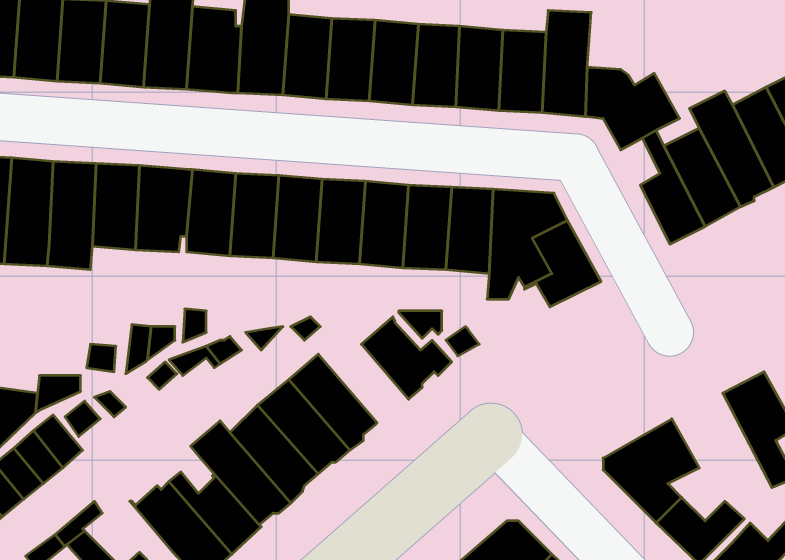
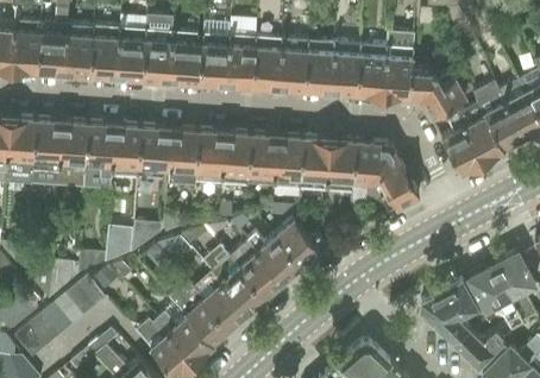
building: none -> [247,233,302,282]
building: none -> [466,264,522,328]

